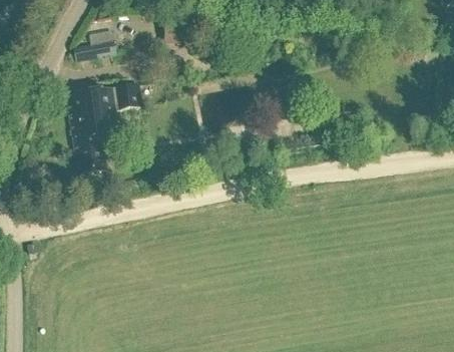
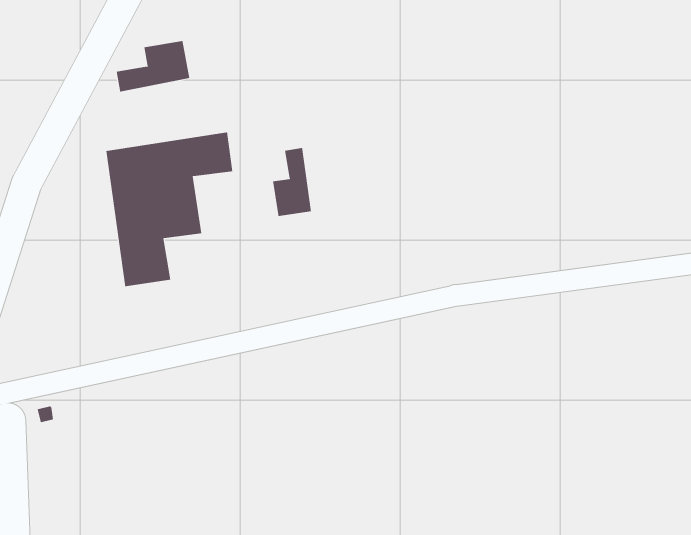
building: none -> [273,147,312,217]

